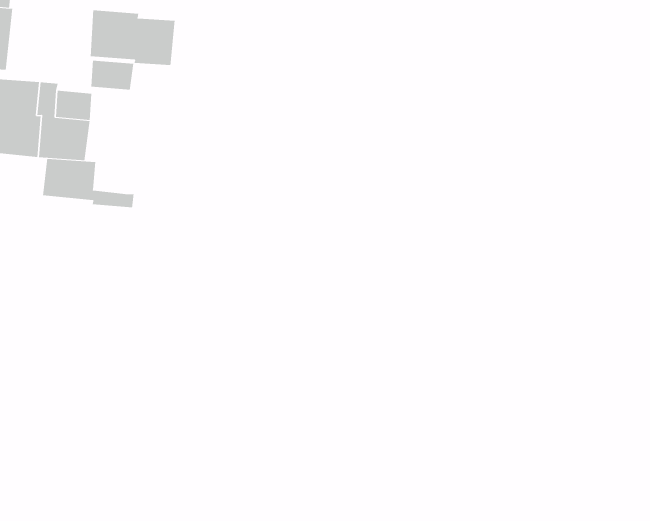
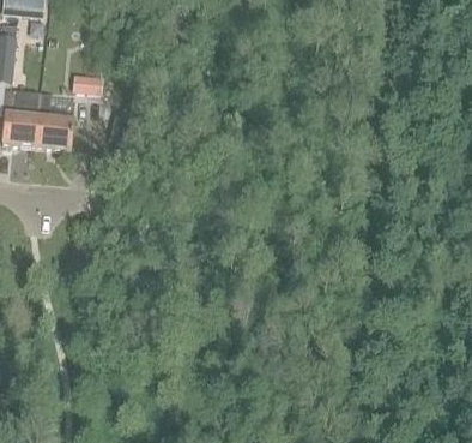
building: [90,9,175,66] -> none
building: [42,158,134,208] -> none

